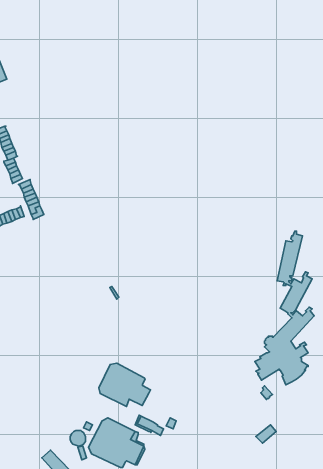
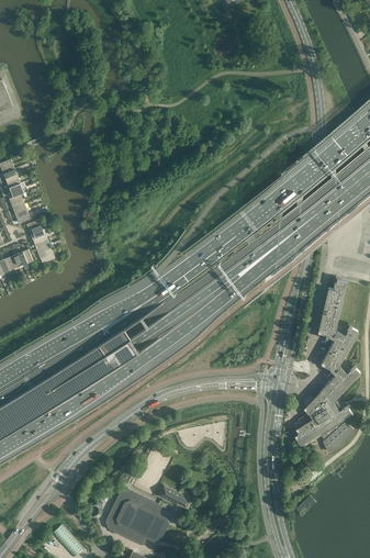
building: [99,363,151,407] -> none

